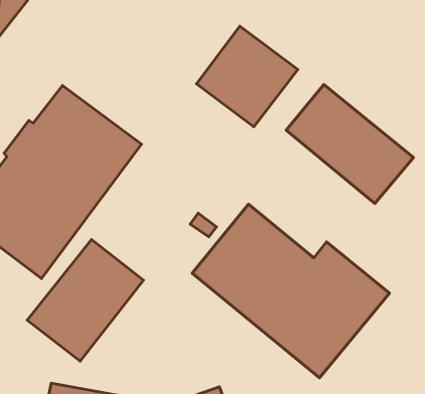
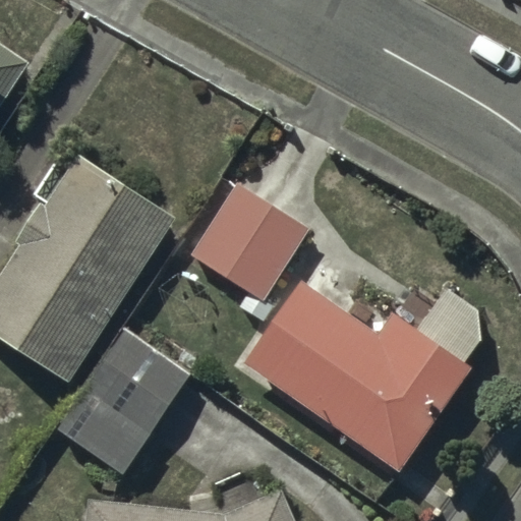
building: [197,26,298,127] -> [192,186,307,300]
building: [286,85,413,203] -> none

